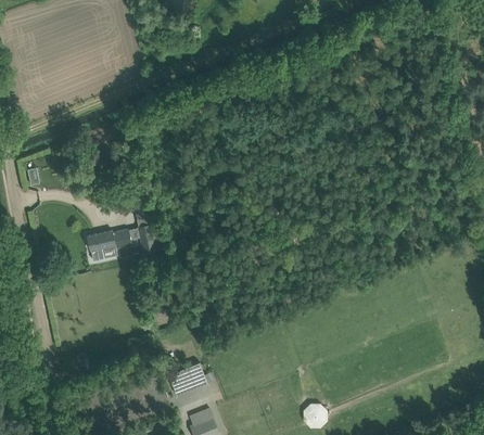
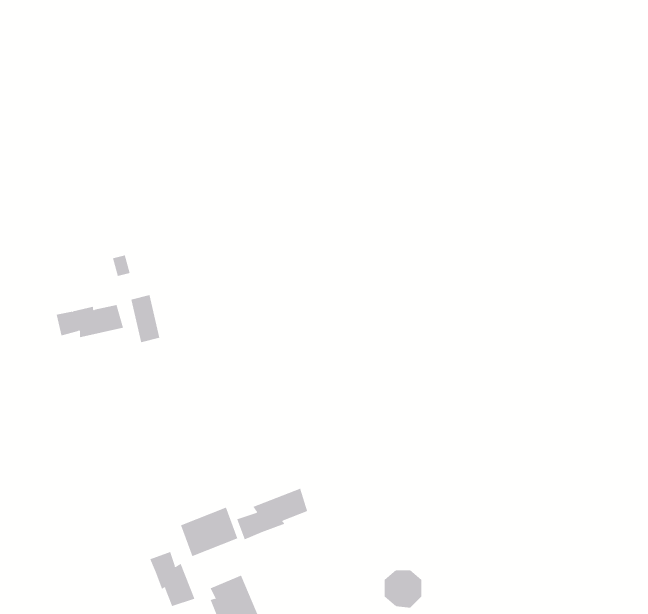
building: none -> [236,488,308,540]
building: none -> [150,551,195,607]

